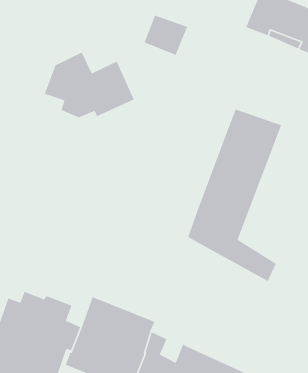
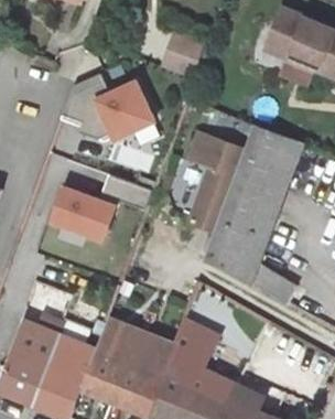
building: none -> [188,131,246,232]
building: none -> [53,175,152,239]
building: none -> [169,318,216,385]

